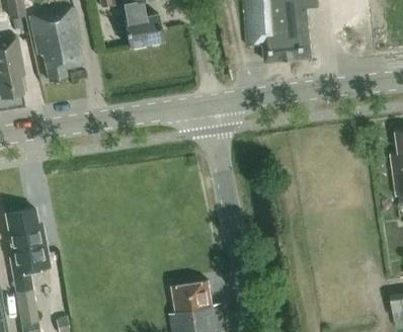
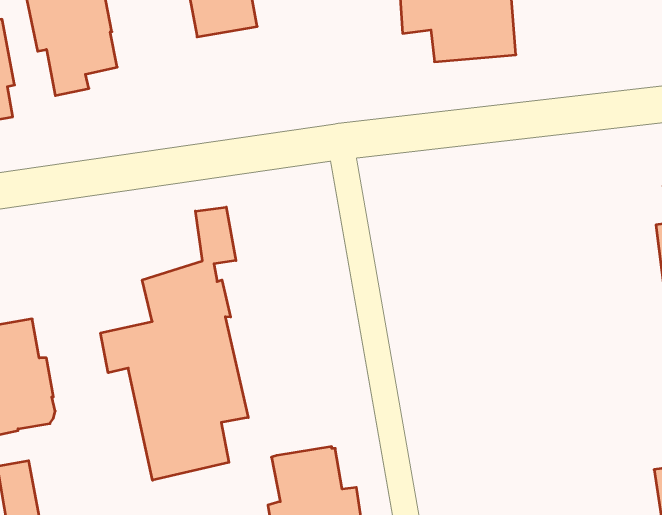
building: none -> [101,207,248,480]

